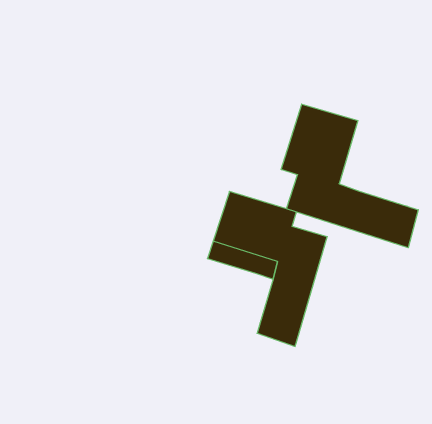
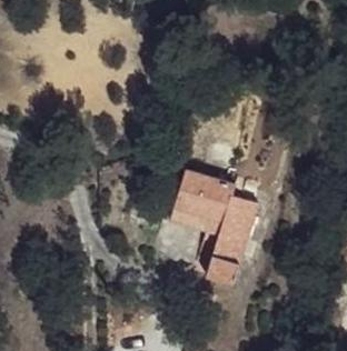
building: [281,104,418,248] -> none

